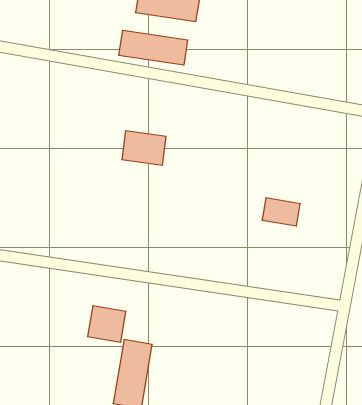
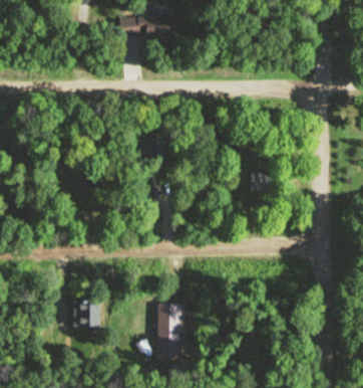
building: [119,30,188,65] -> none
building: [88,306,126,342] -> [73,301,100,326]

